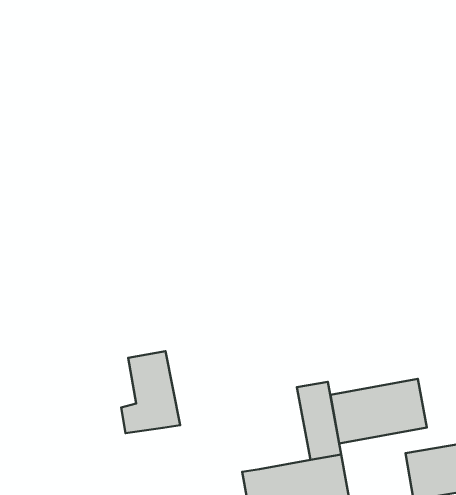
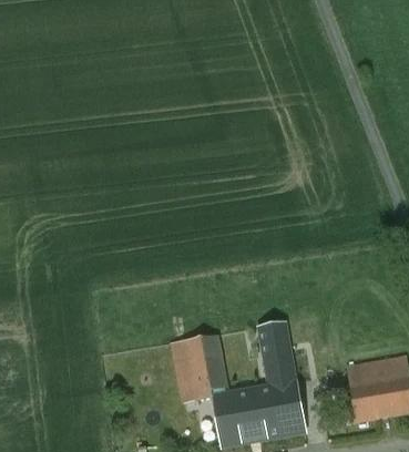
building: [121,351,180,433] -> [178,332,227,400]
building: [331,379,427,444] -> none

